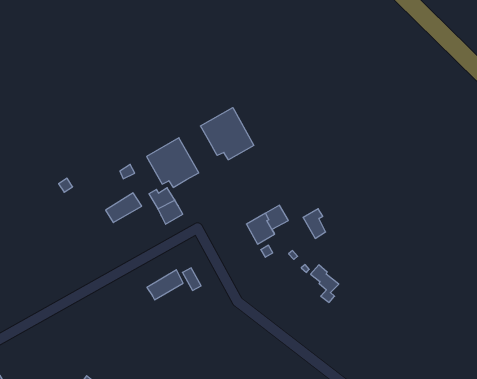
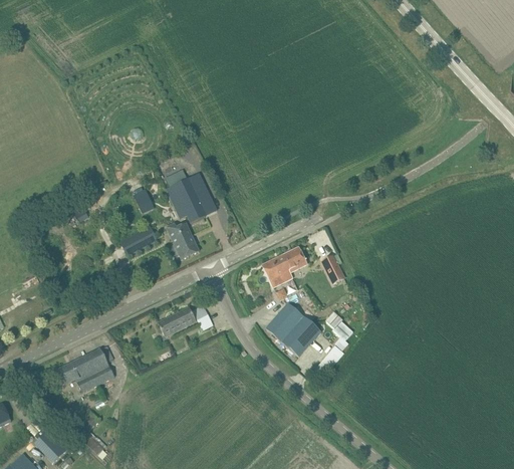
building: [200,108,254,160] -> none
building: none -> [266,303,321,358]
building: none -> [54,346,113,393]

